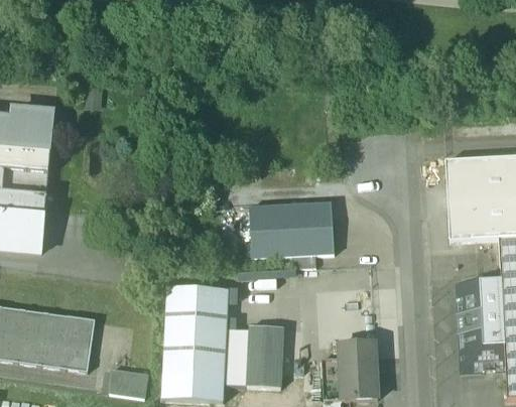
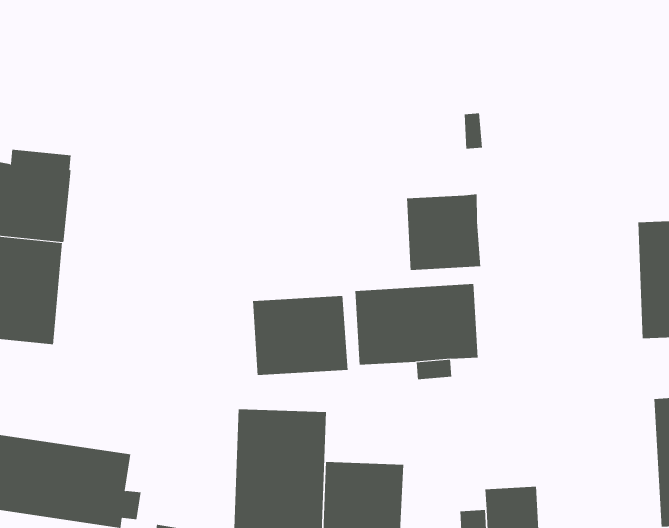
building: none -> [406,193,481,271]
building: none -> [253,295,348,376]

